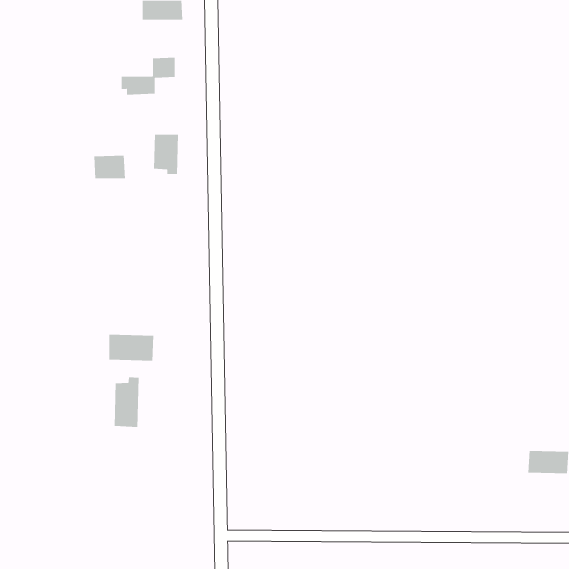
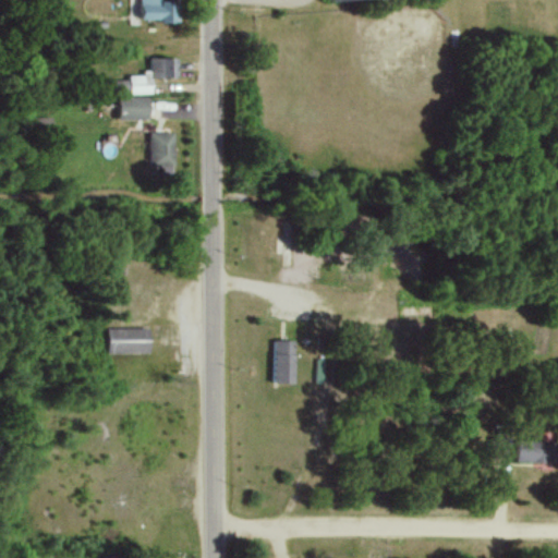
building: [93,155,126,179] -> [120,97,151,120]
building: none -> [274,341,296,384]
building: [114,376,139,428] -> none

